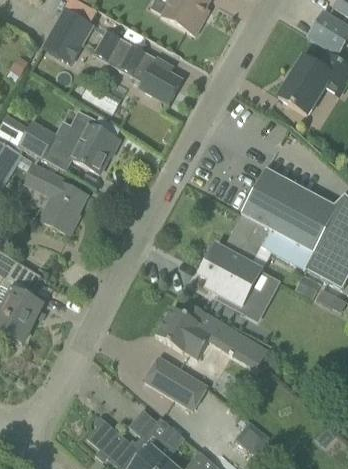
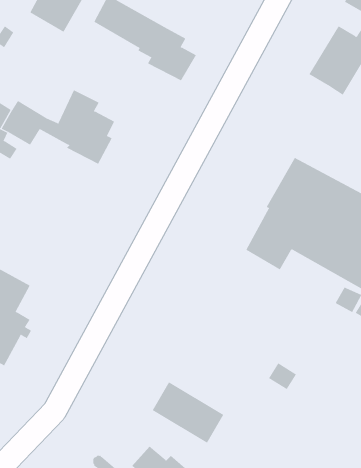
building: [27,163,87,234] -> none
building: [202,243,279,318] -> none
building: [155,303,233,358] -> none

